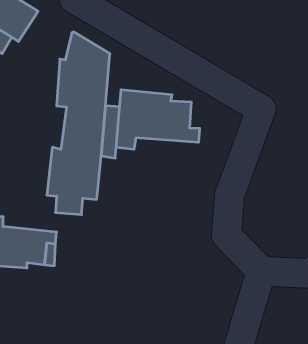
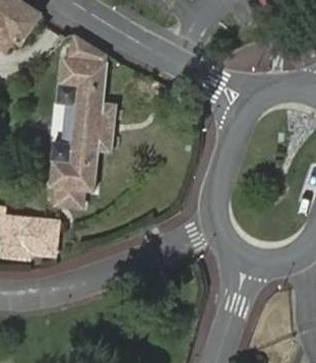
building: [116,90,200,149] -> none

